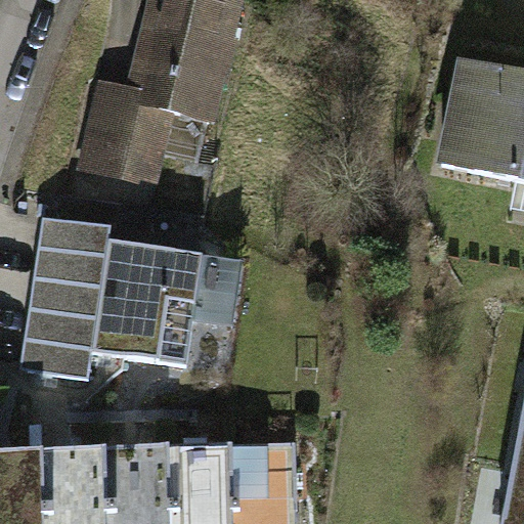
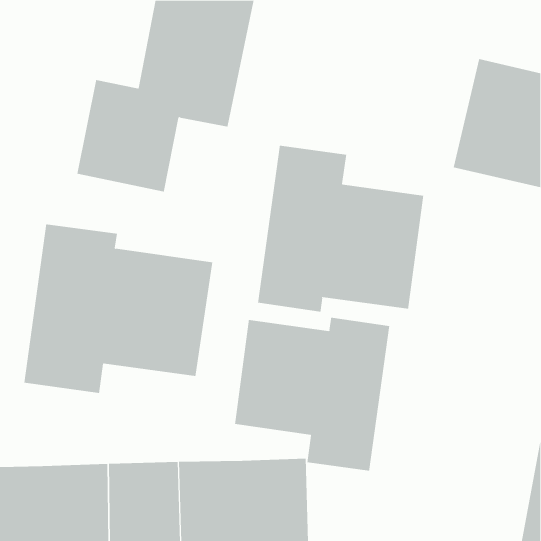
building: none -> [257,145,424,313]
building: none -> [235,317,390,472]

